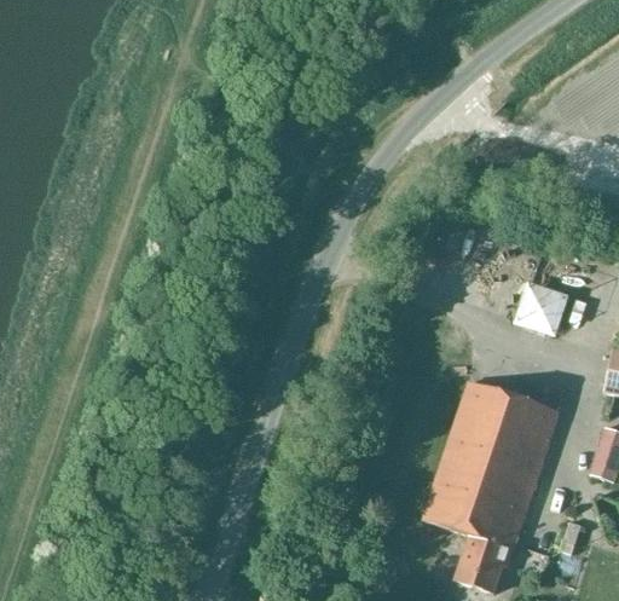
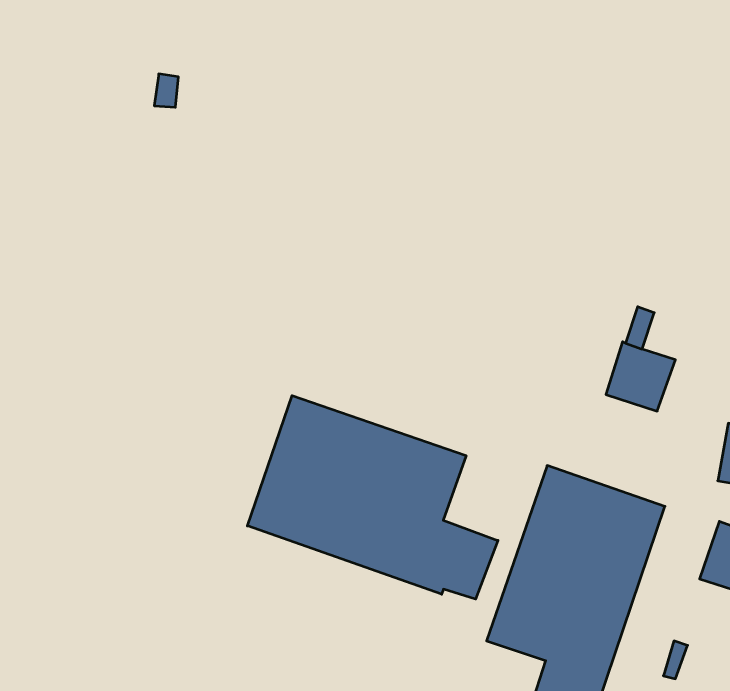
building: none -> [247,396,498,599]

